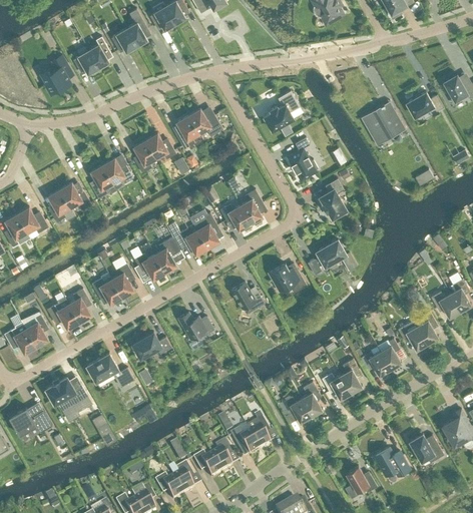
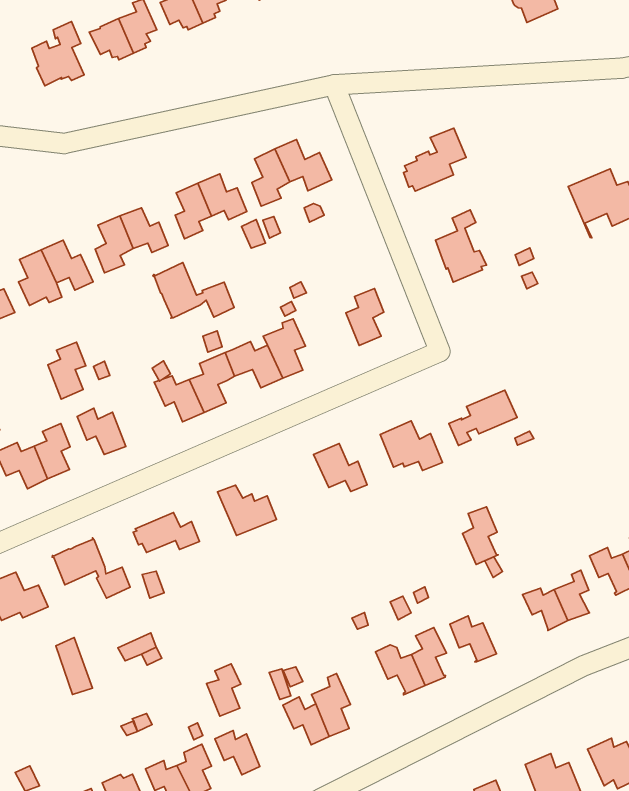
building: [319,178,346,218] -> none
building: none -> [153,262,234,318]
building: [219,204,250,230] -> none
building: [111,264,133,298] -> [48,342,86,399]
building: [340,359,362,393] -> [463,507,498,564]
building: [210,443,231,474] -> [206,664,241,716]

